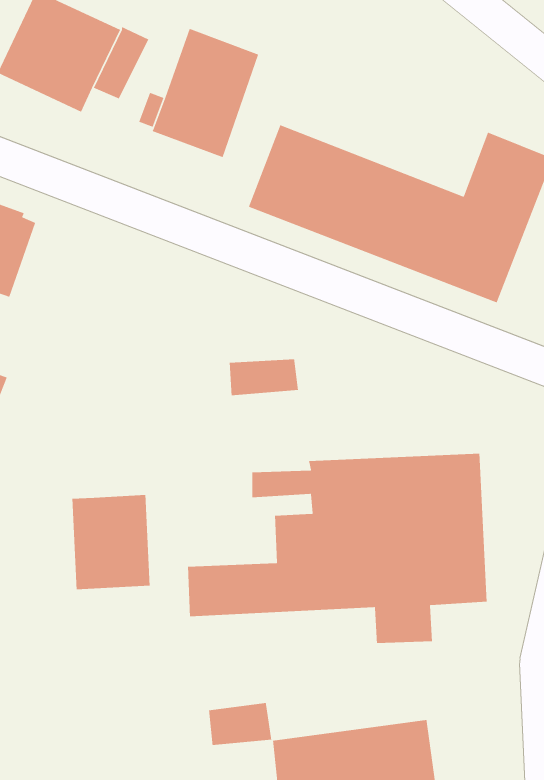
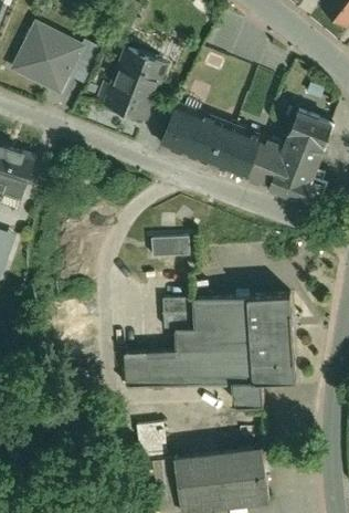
building: [72,494,150,590] -> none

